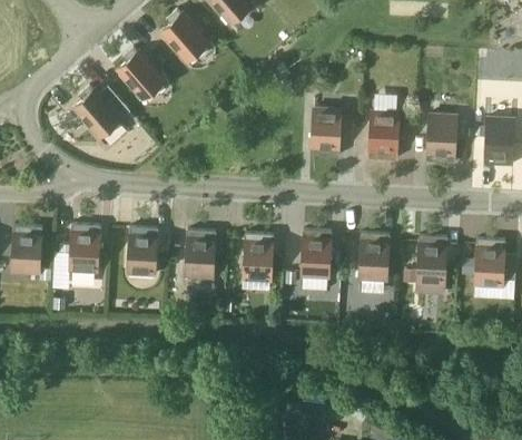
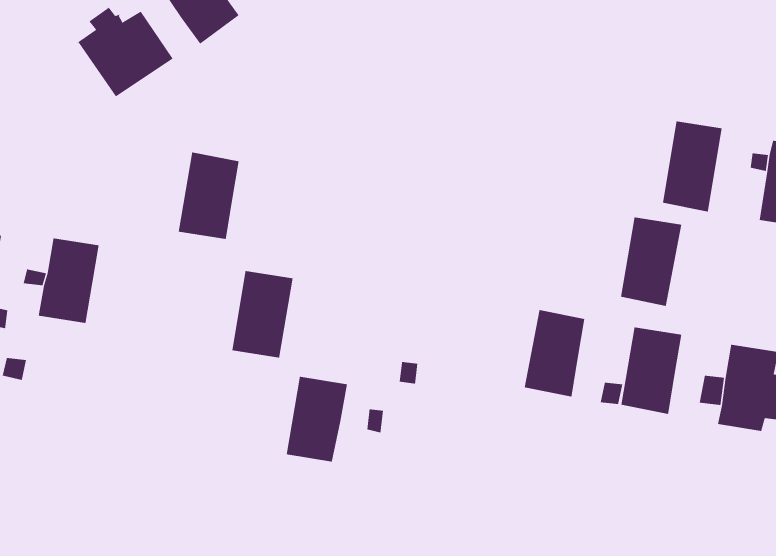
building: [311,108,342,157] -> none
building: [368,110,400,160] -> [620,217,682,306]
building: [127,227,158,276] -> [178,152,240,240]
building: [301,231,332,278] -> none
building: [243,234,274,282] -> [286,376,348,462]

